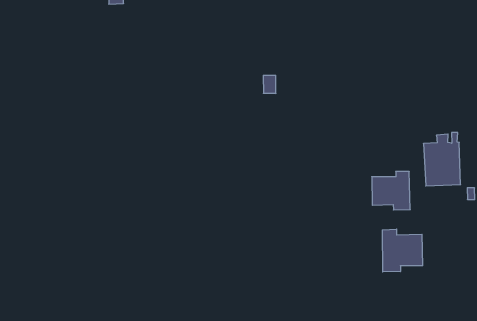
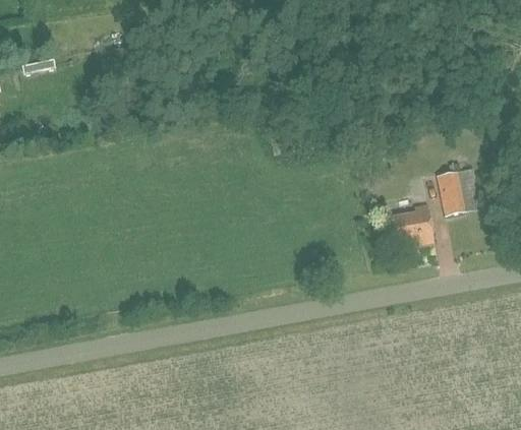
building: [382,229,423,272] -> none

